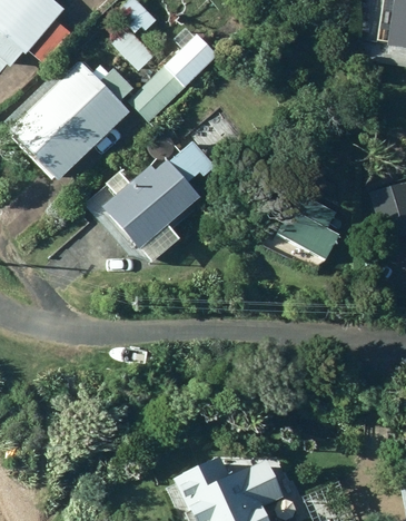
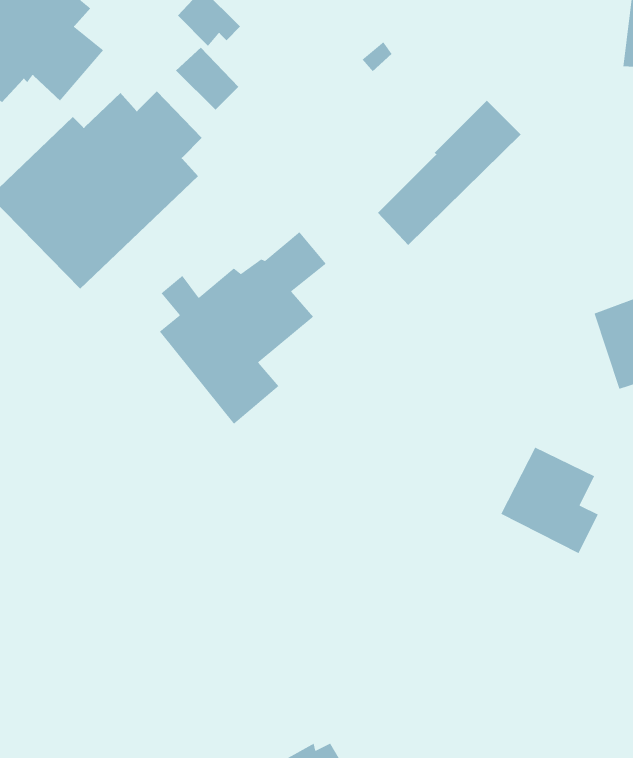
building: [129,33,217,122] -> [377,100,521,246]
building: [277,194,337,259] -> [500,447,599,554]

